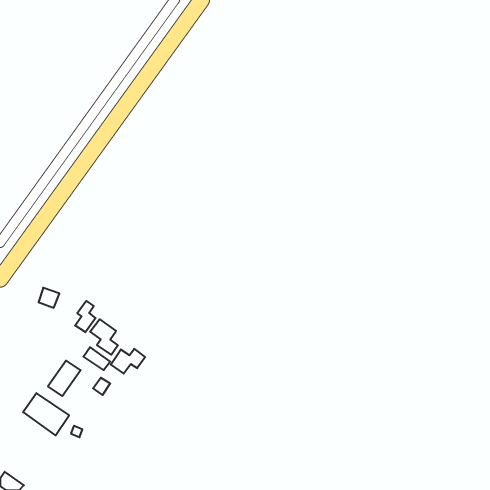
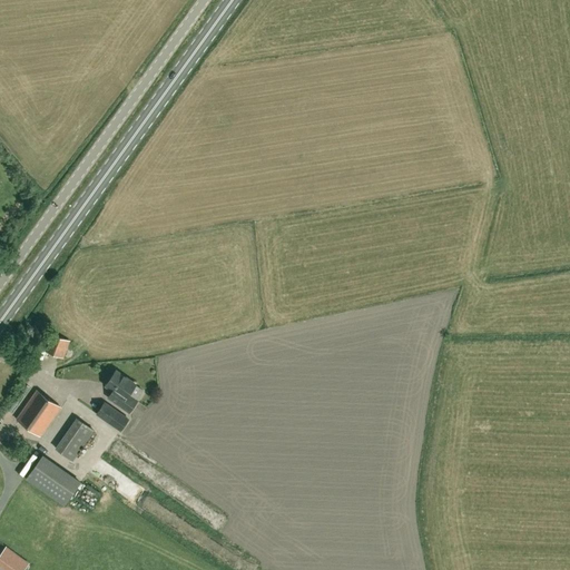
building: [75,301,96,332] -> none
building: none -> [16,390,60,436]
building: [111,349,145,374] -> none

